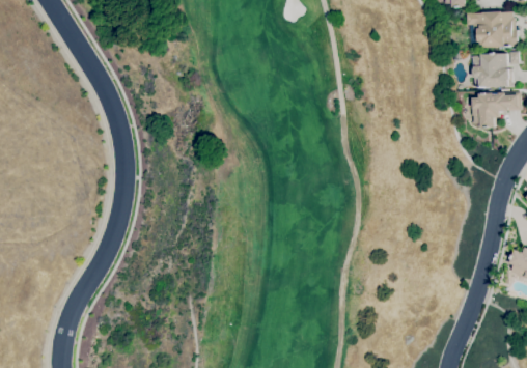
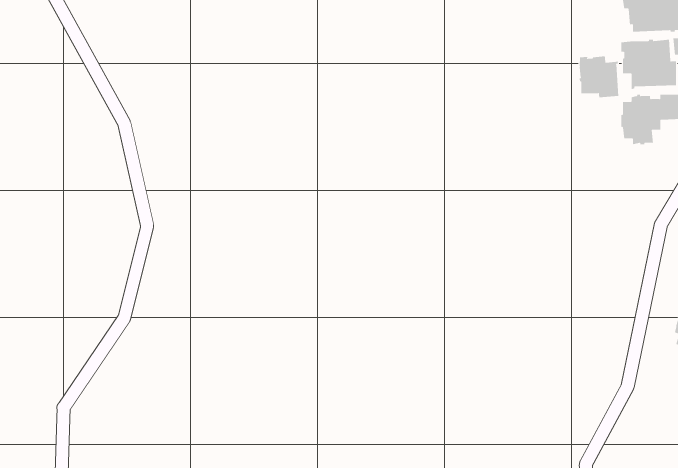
building: none -> [579,56,619,98]

